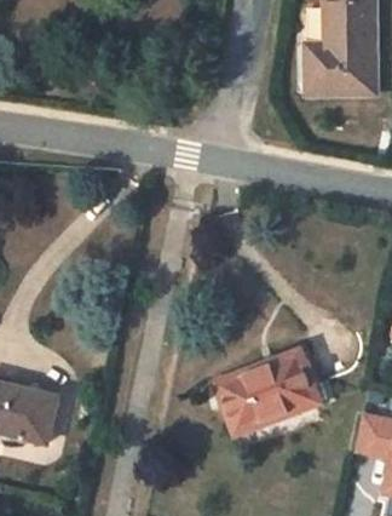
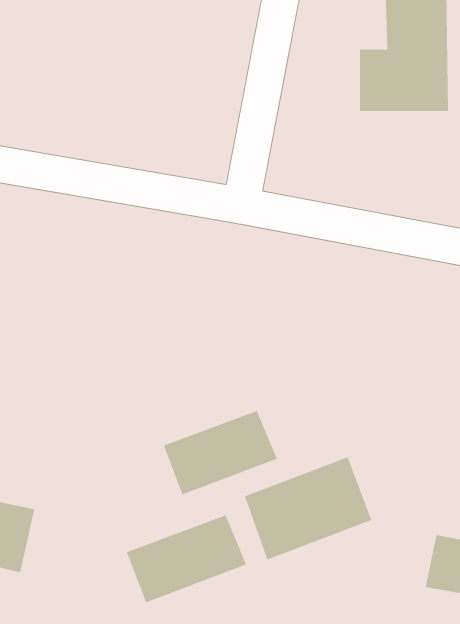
building: none -> [163,410,277,495]
building: none -> [126,514,247,603]

